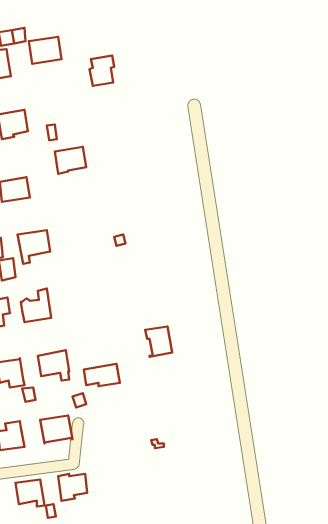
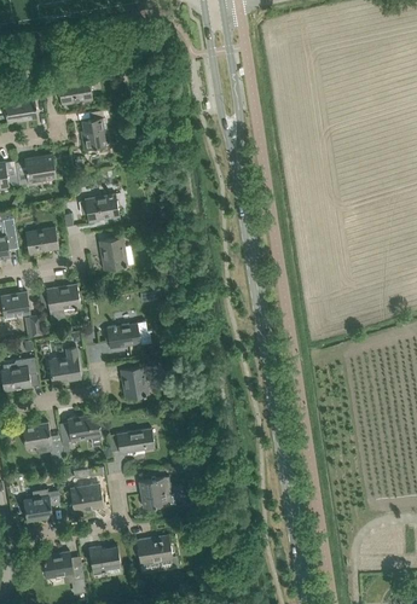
building: [90,56,114,86] -> [80,117,106,150]
building: none -> [98,237,133,269]
building: none -> [106,321,151,349]
building: [145,326,172,357] -> [120,366,149,399]
building: none -> [138,476,175,507]
building: none -> [135,535,178,570]

